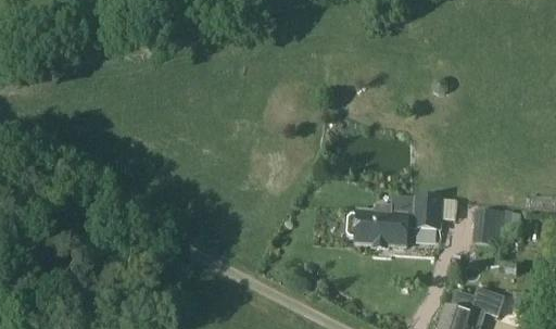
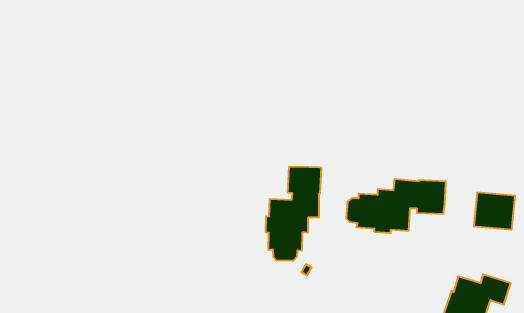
building: none -> [266,167,321,261]

